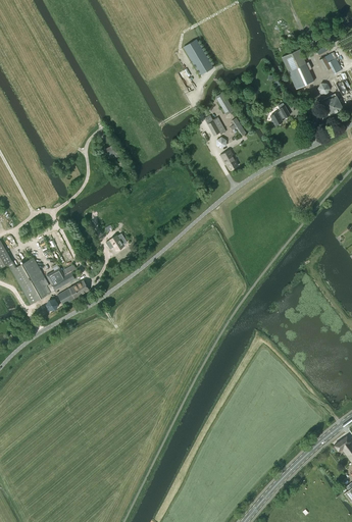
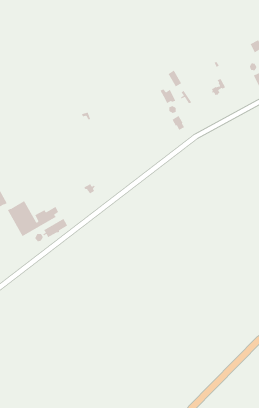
building: [184,39,213,74] -> none
building: [282,49,313,89] -> none

